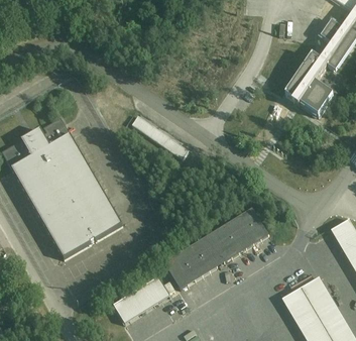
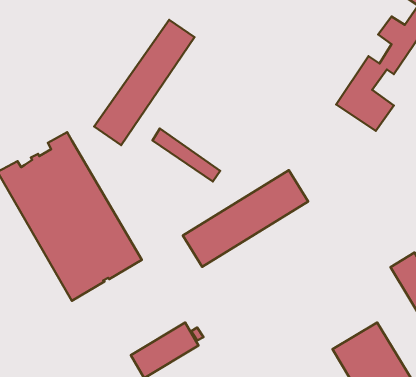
building: none -> [94,20,195,145]
building: [163,208,268,289] -> [183,170,308,267]

